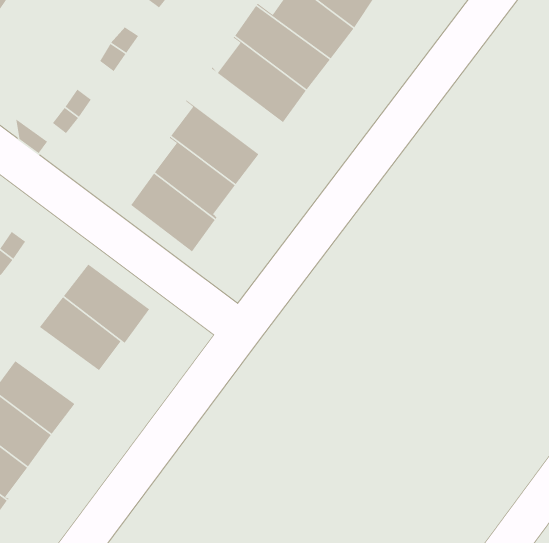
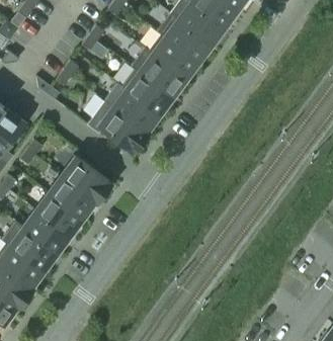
building: none -> [131,50,184,97]
building: none -> [35,193,82,236]

